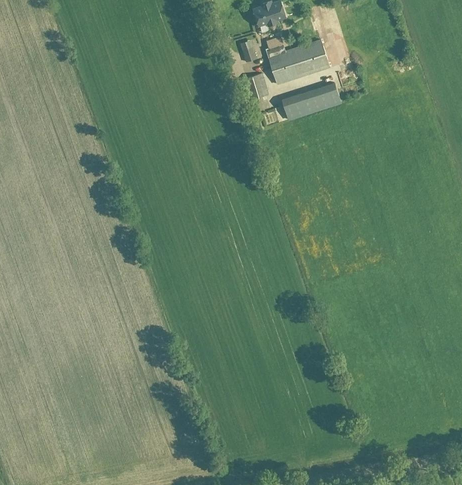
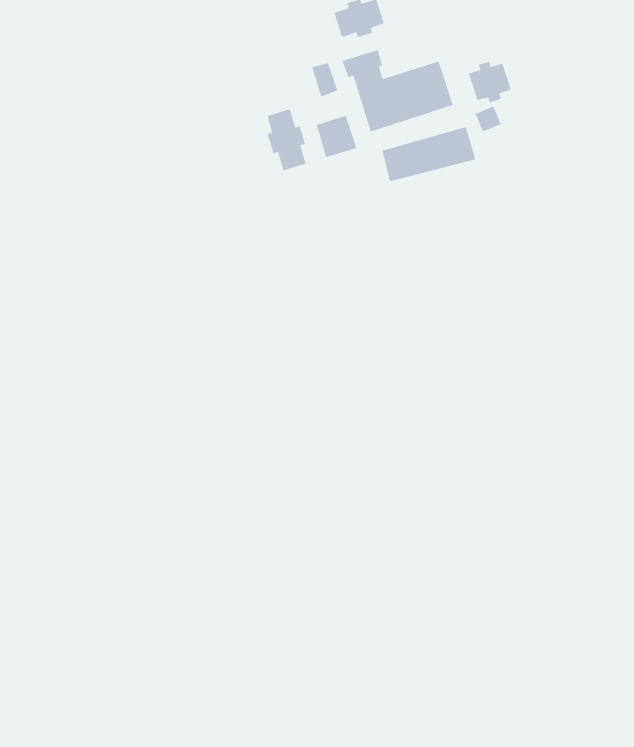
building: none -> [468,61,512,103]
building: none -> [267,108,307,171]

